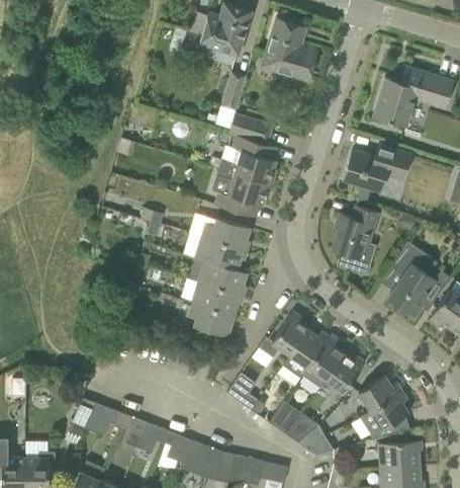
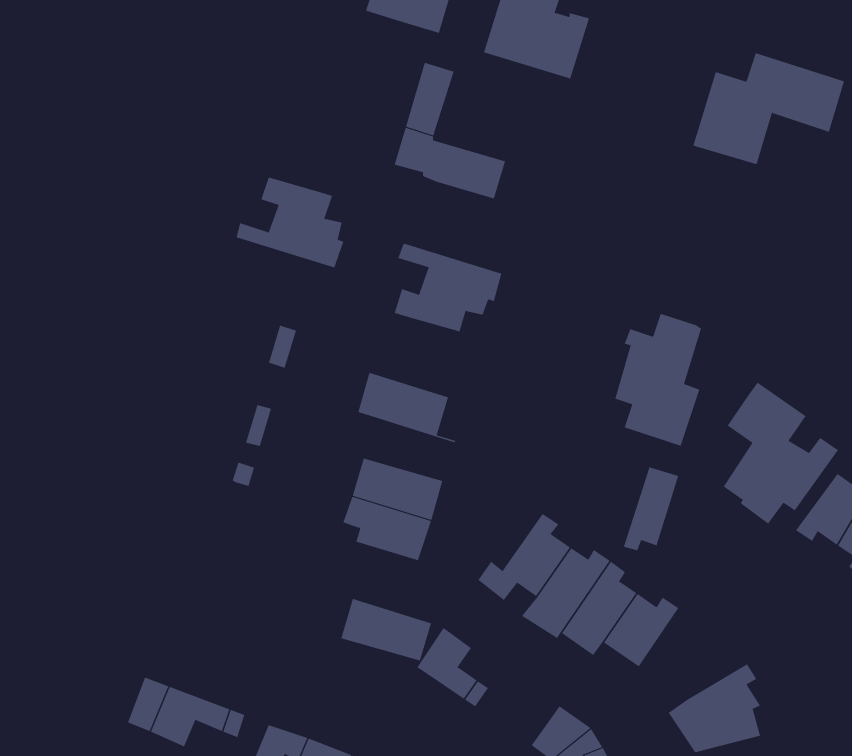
building: [219,136,277,184] -> [236,177,344,268]
building: [343,146,409,191] -> none
building: [201,219,251,250] -> none
building: [195,258,247,295] -> [335,593,432,661]
building: none -> [623,467,679,551]
building: [359,376,402,411] -> none
building: [269,402,302,435] -> none

